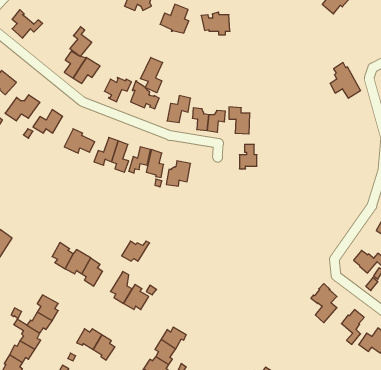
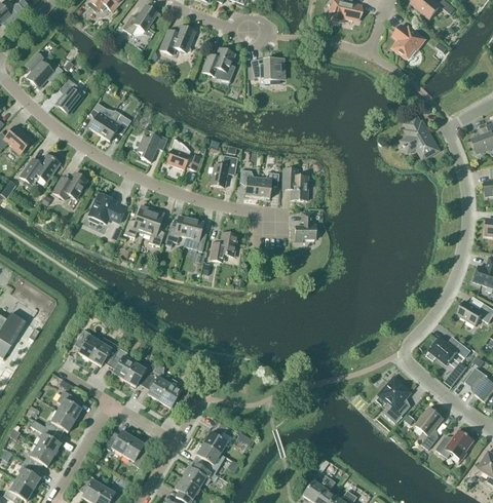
building: [70,27,92,56] -> [55,78,81,113]
building: [141,57,163,93] -> none
building: [122,241,150,261] -> [123,362,156,386]

